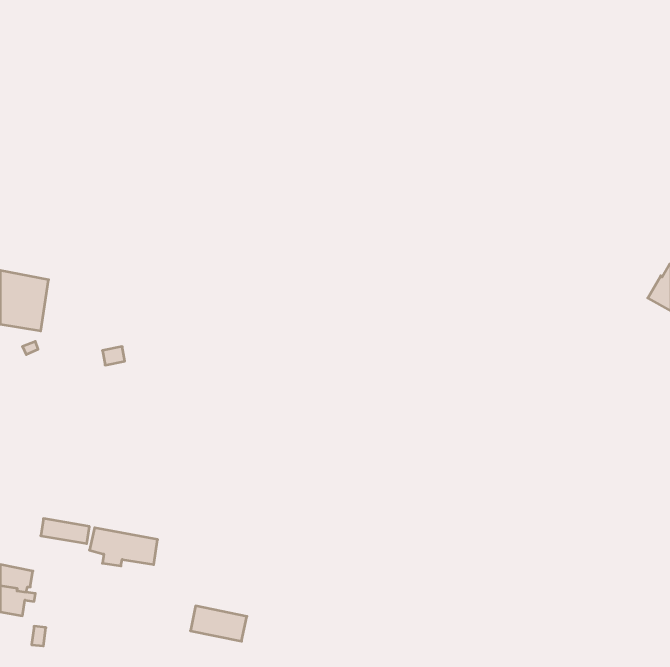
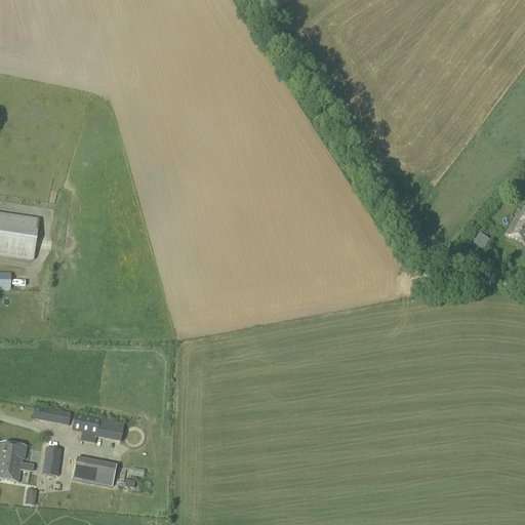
building: none -> [42,446,62,476]
building: [190,606,247,641] -> [73,457,117,485]

